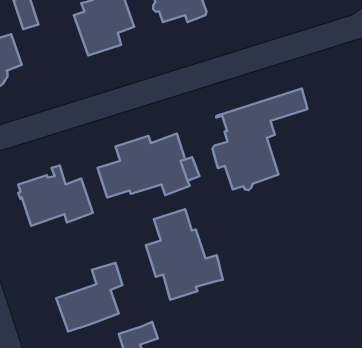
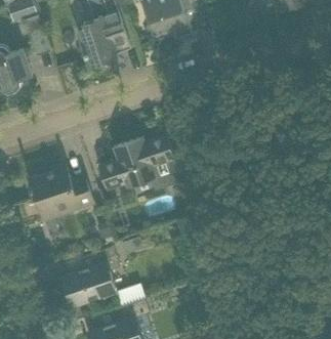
building: [213,89,308,190] -> none
building: [146,209,223,300] -> none

